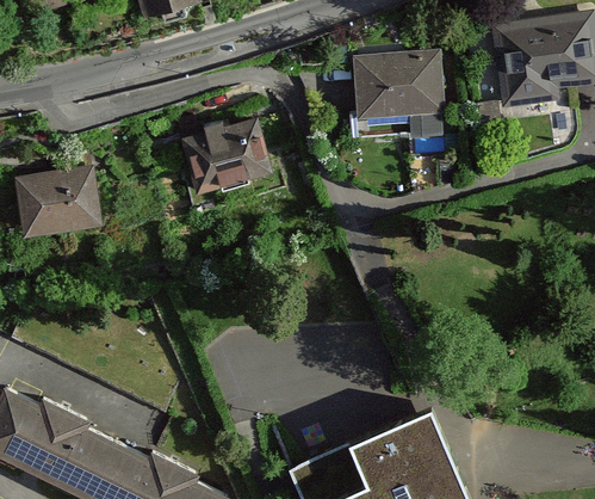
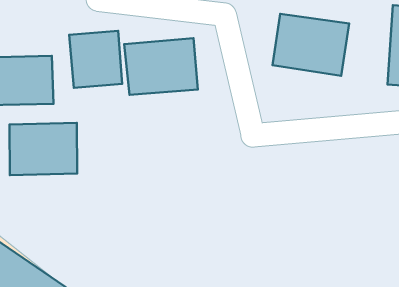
building: none -> [69,31,122,88]
building: none -> [10,123,77,175]

